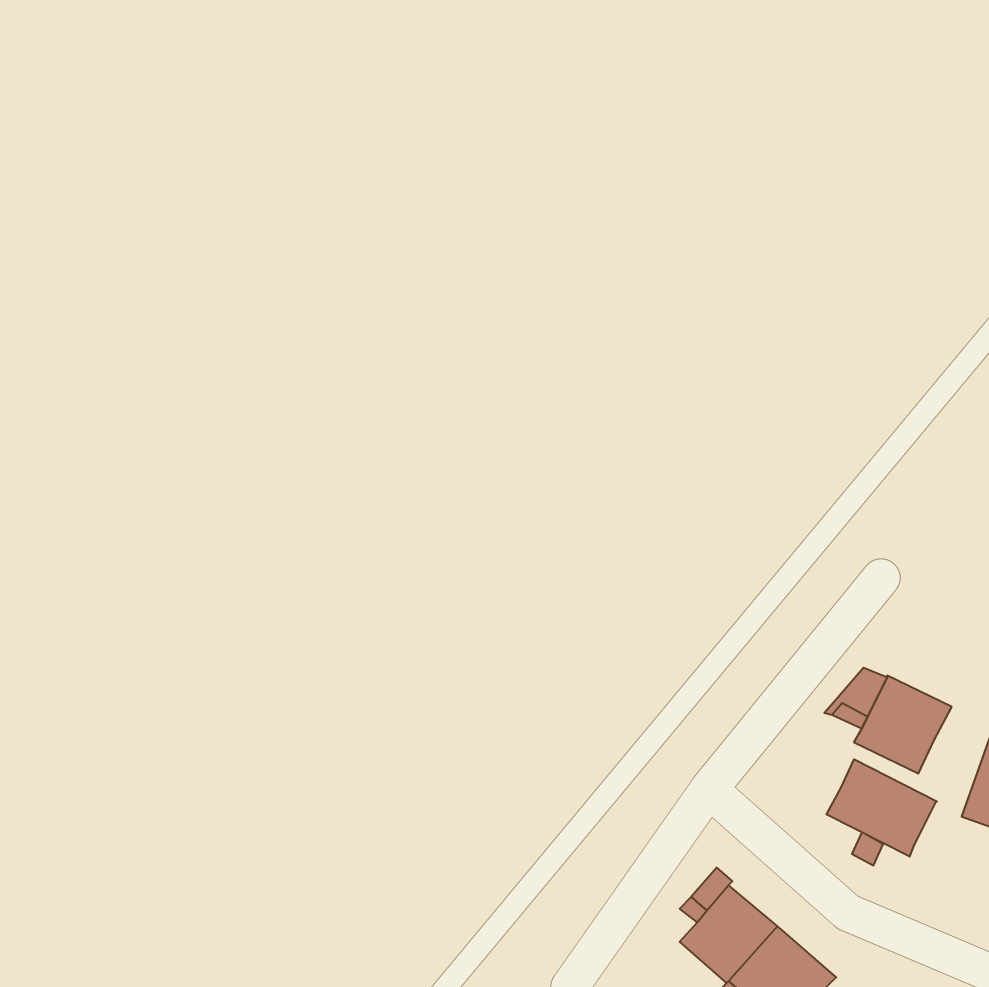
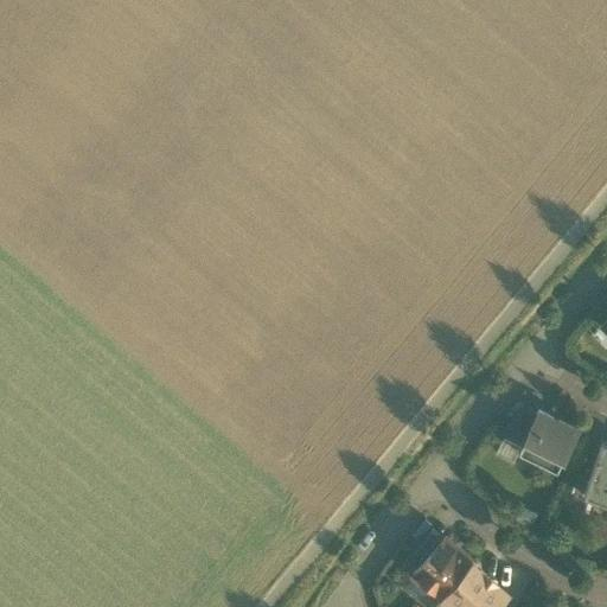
building: [826,759,937,857] -> none

